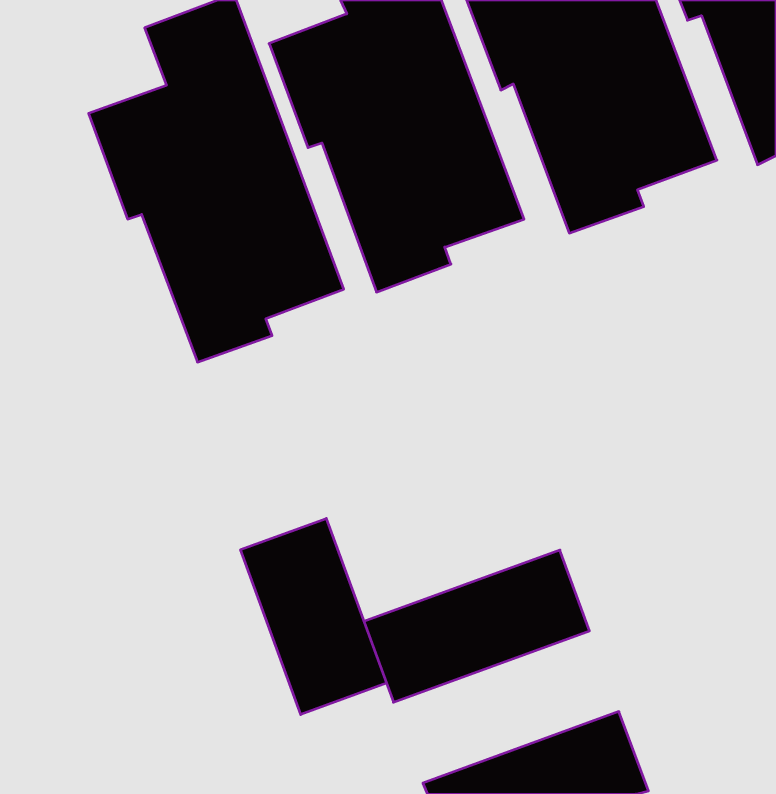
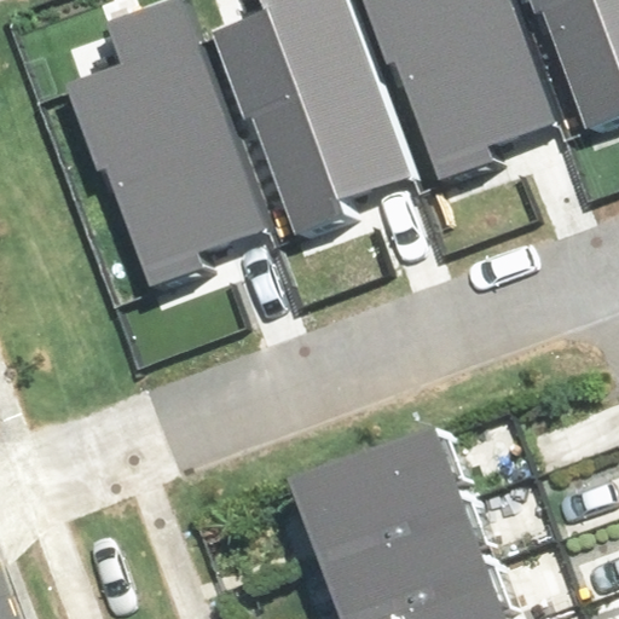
building: [241,518,386,715] -> none
building: none -> [306,491,481,609]

